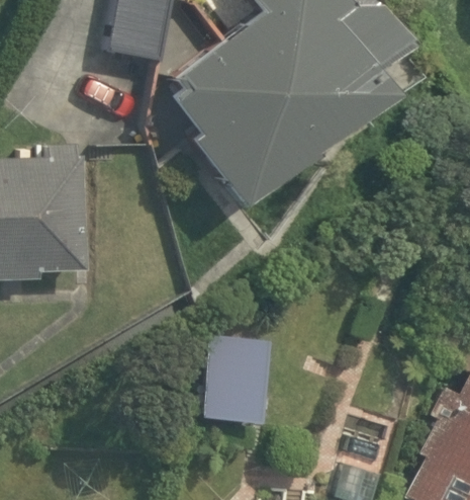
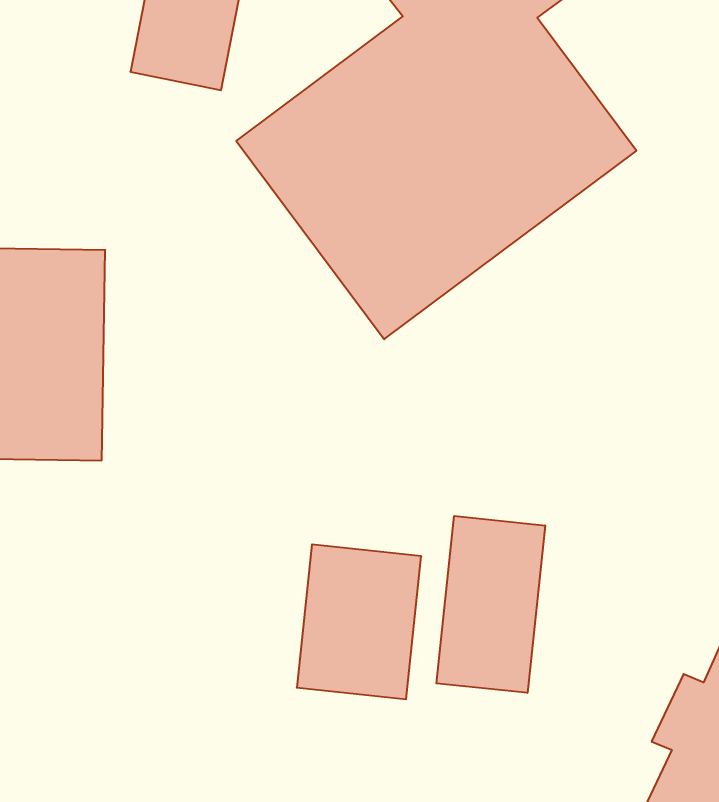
building: none -> [436,516,545,693]

